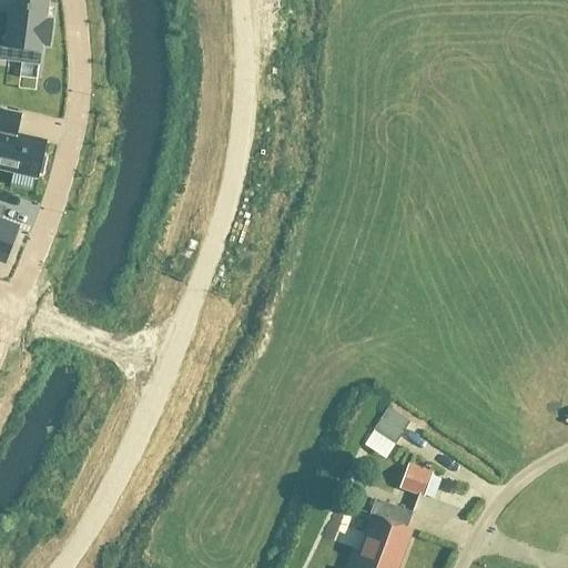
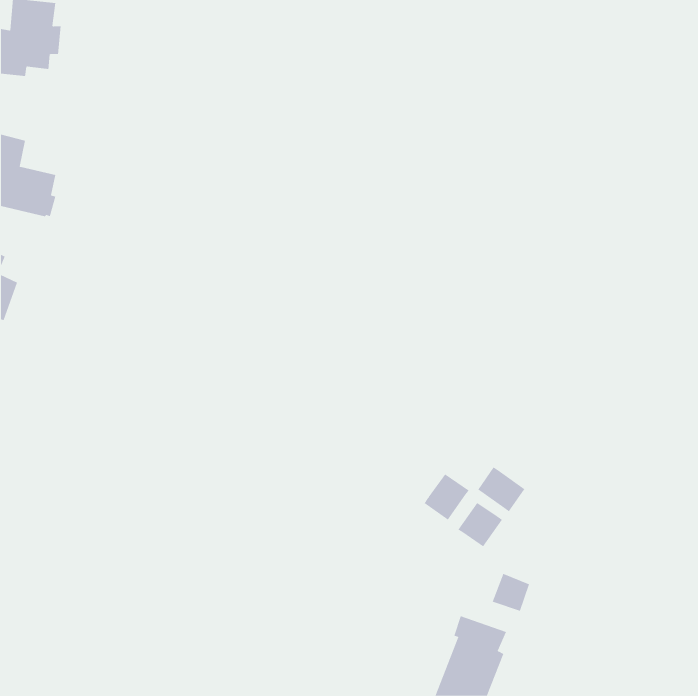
building: none -> [477,467,525,512]
building: none -> [424,473,469,521]

